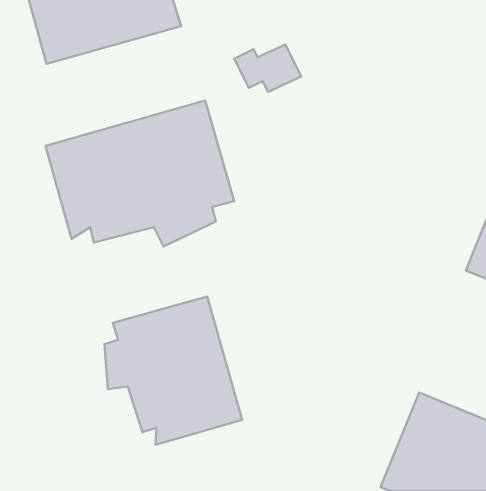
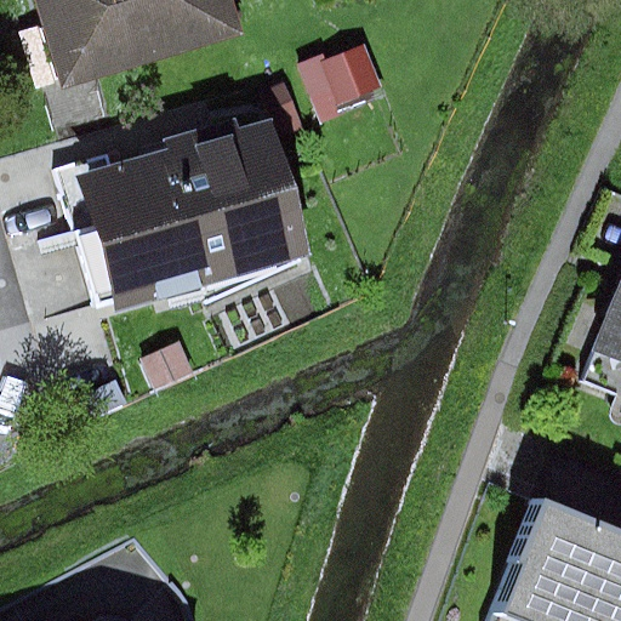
building: [105,296,242,445] -> none

